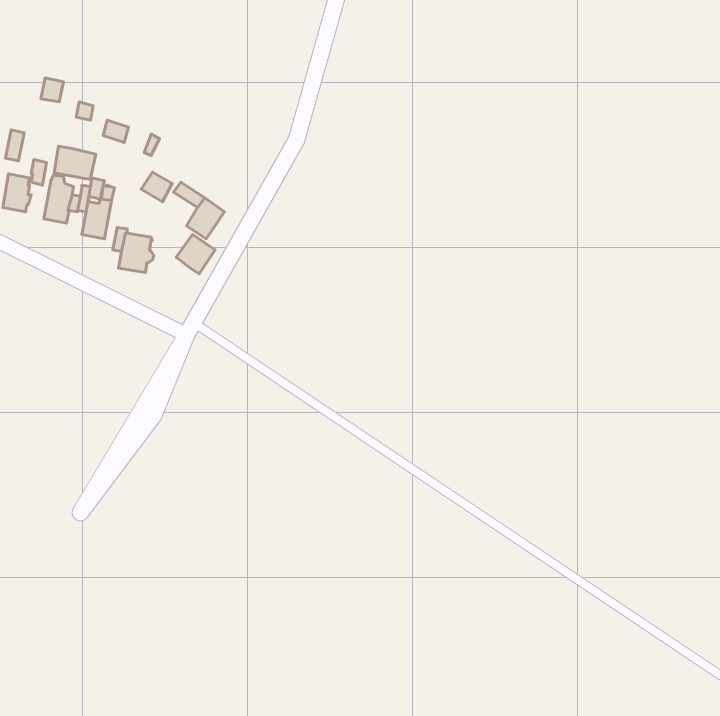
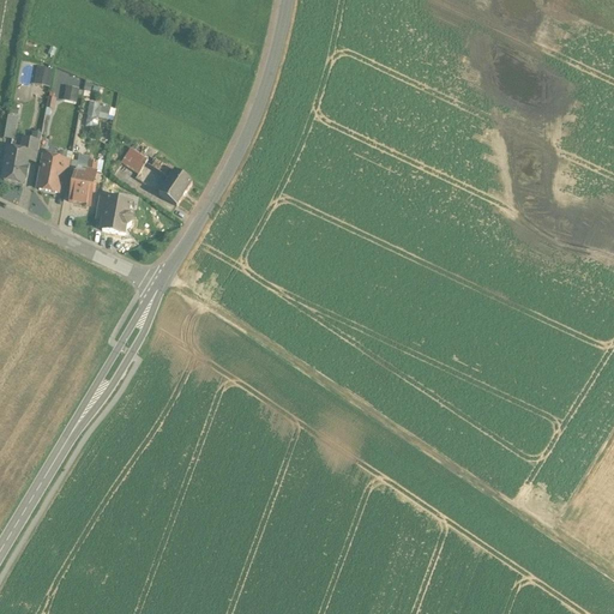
building: [54,146,96,179] -> none
building: [176,234,215,274] -> none

